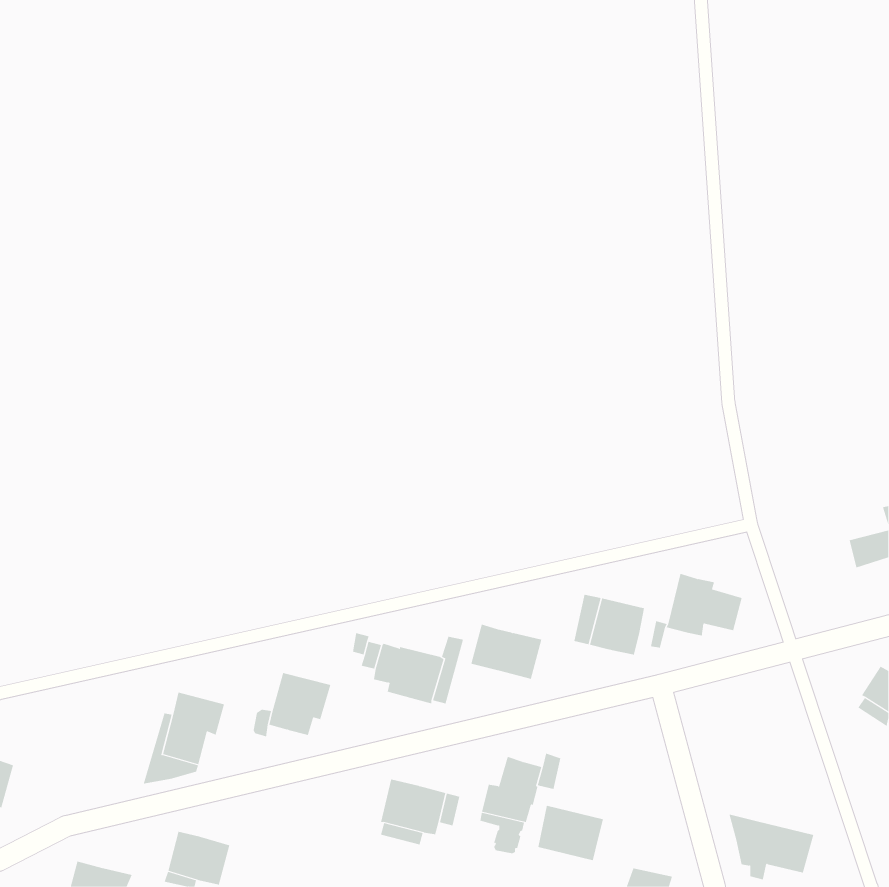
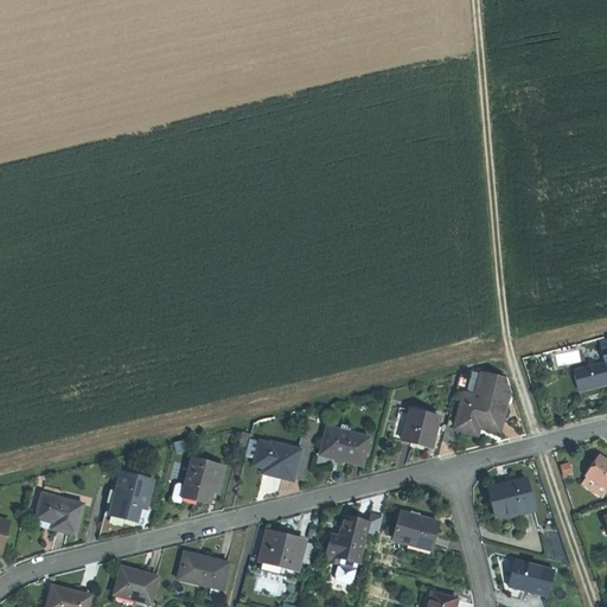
building: none -> [474,369,512,407]
building: none -> [487,477,535,516]
building: none -> [36,492,83,533]
building: [538,805,604,861] -> [394,510,439,548]
building: none -> [178,550,229,587]

